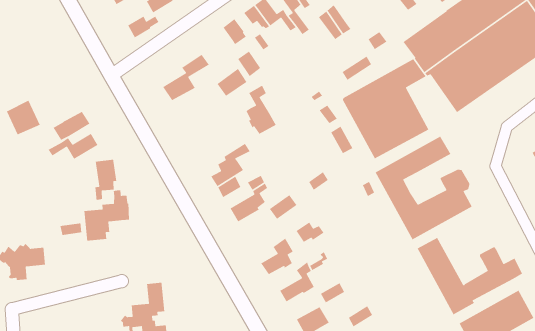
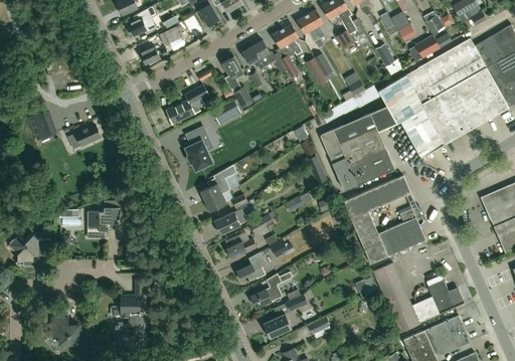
building: [245,85,277,135] -> [186,127,212,170]
building: [47,133,98,160] -> none
building: [94,159,117,201] -> none
building: none -> [225,235,256,259]

